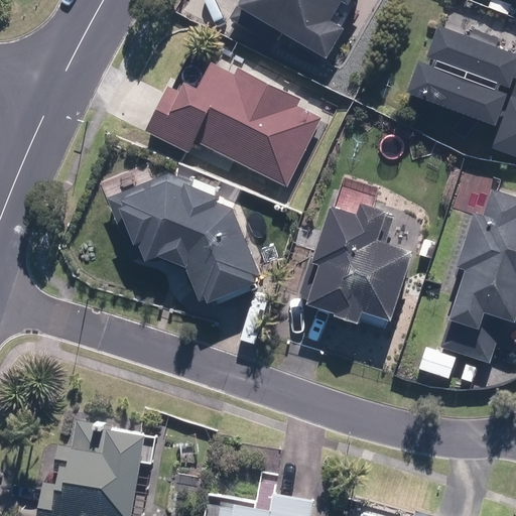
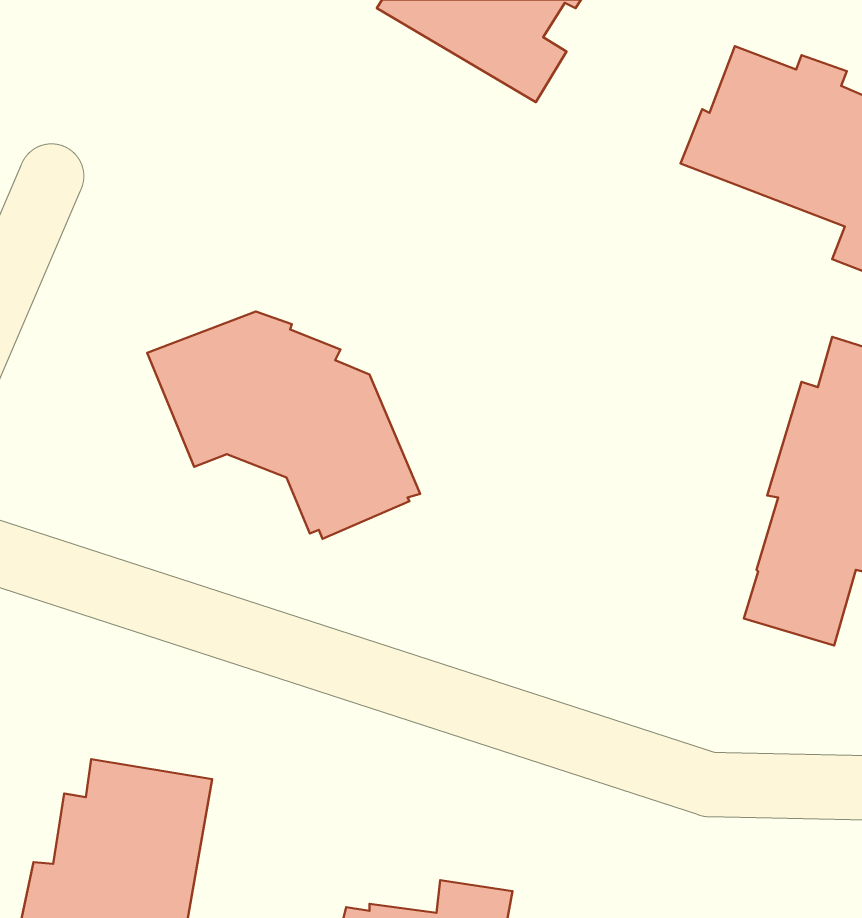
building: [148,63,322,185] -> none
building: [300,206,410,320] -> none

